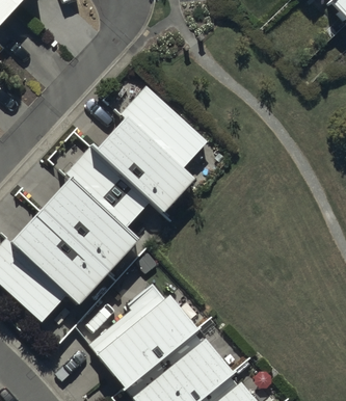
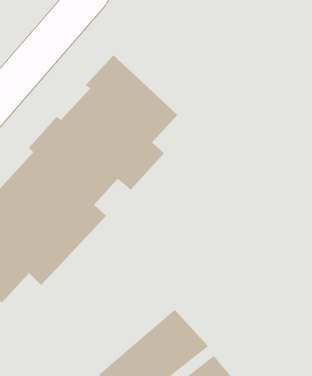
building: [88,283,197,385] -> none

